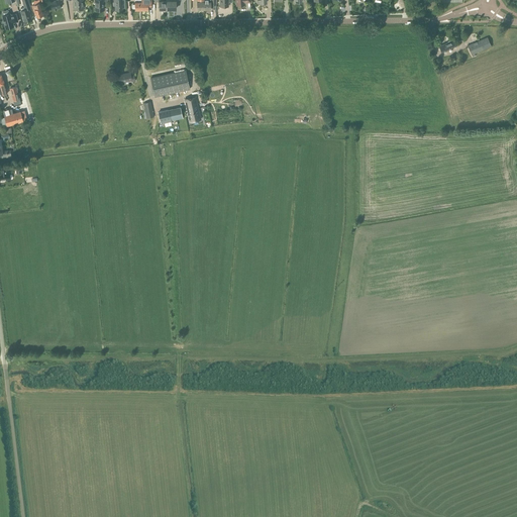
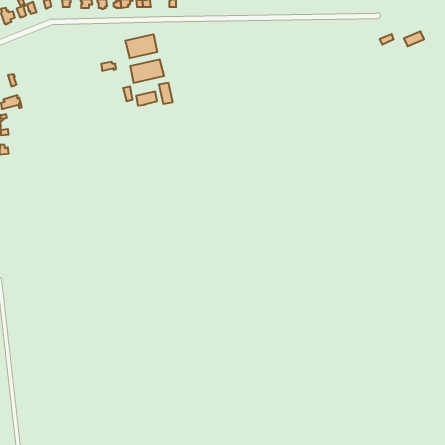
building: none -> [125,34,157,58]

